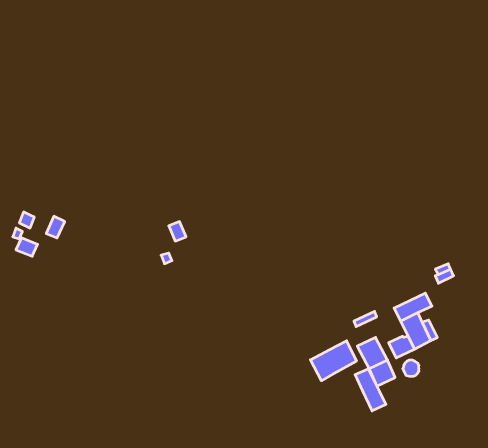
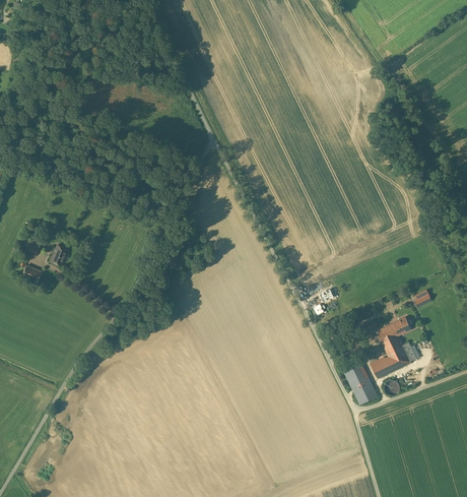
building: [310,341,356,381] -> none
building: [355,369,386,411] -> none

